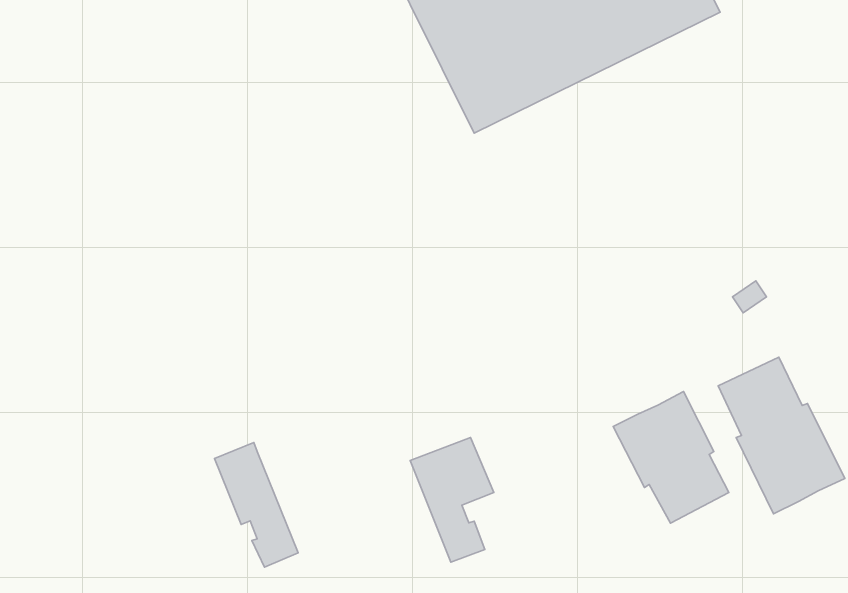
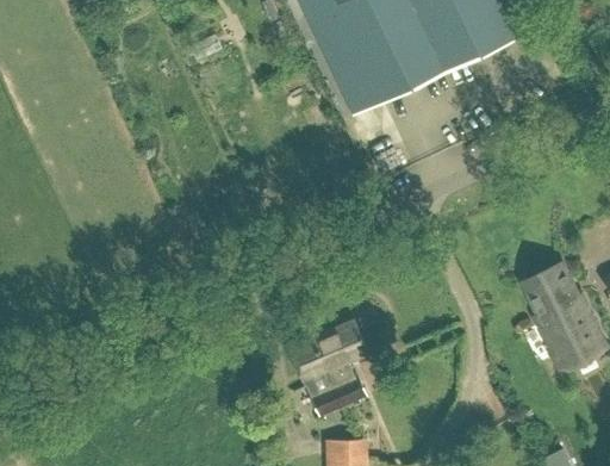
building: [613,391,729,523] -> none
building: [214,443,298,567] -> [287,328,343,411]

